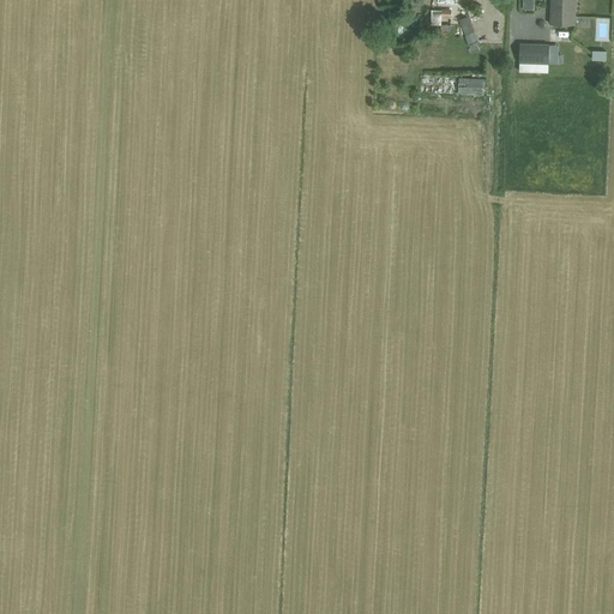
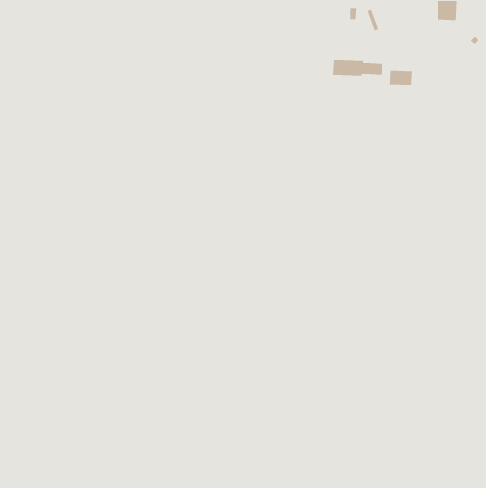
building: [518,44,548,65] -> [389,70,413,86]

